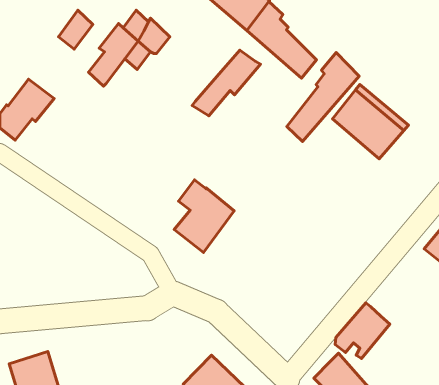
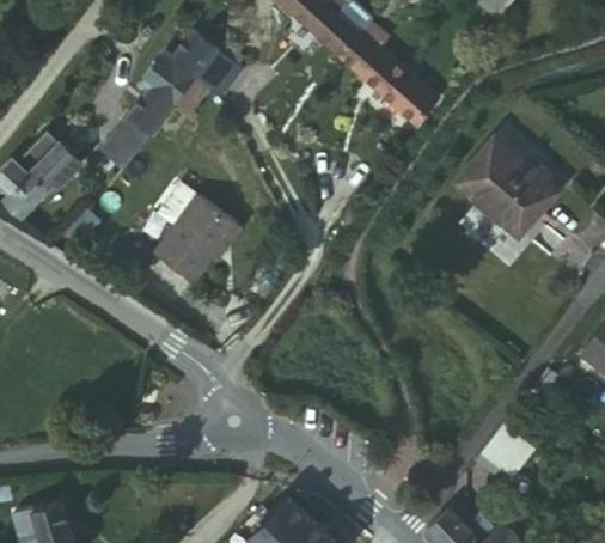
building: [58,10,93,49] -> [98,117,145,170]
building: [192,50,260,116] -> none
building: [287,52,359,141] -> none
building: [174,180,234,252] -> [161,187,243,285]

